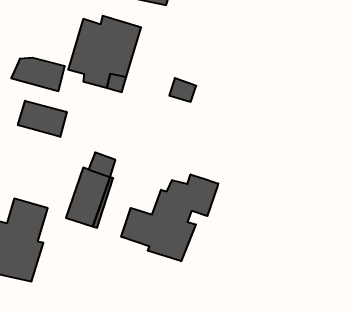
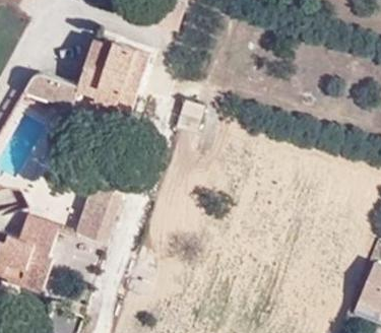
building: [18,101,67,137] -> none
building: [121,174,218,261] -> none

